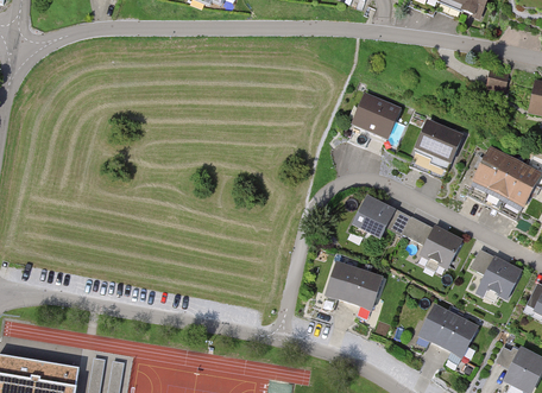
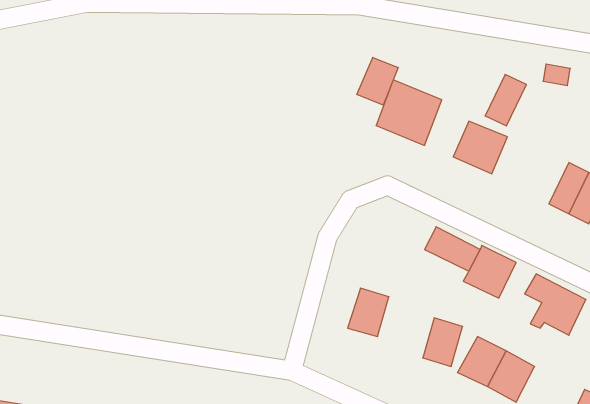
building: none -> [357,57,398,105]
building: [473,150,508,192] -> [485,74,526,126]
building: [353,197,397,241] -> none
building: [348,270,382,310] -> [423,318,463,366]

